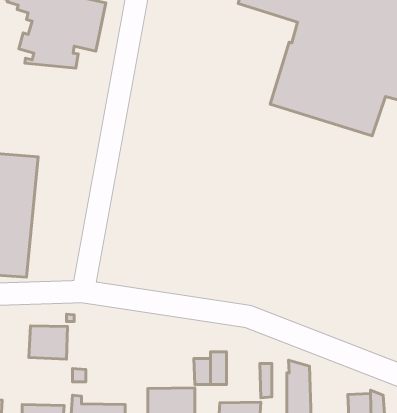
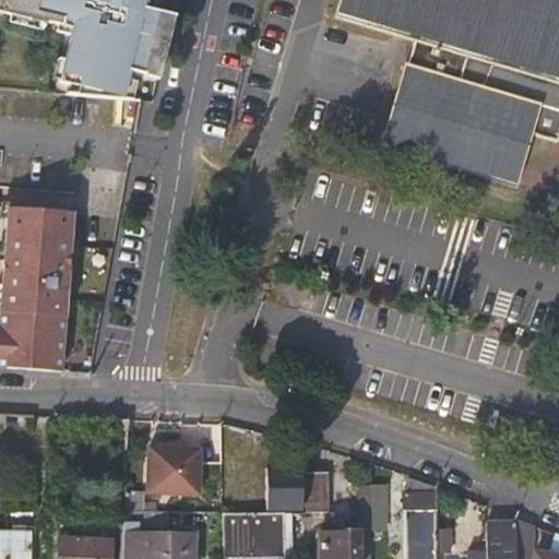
building: [29,326,67,359] -> [146,447,197,490]

